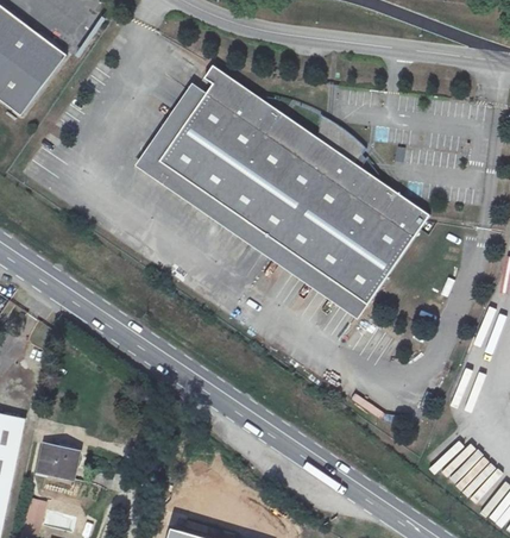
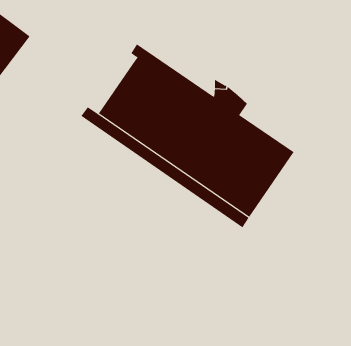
building: [145,83,207,162] -> none
building: [32,436,69,469] -> none

